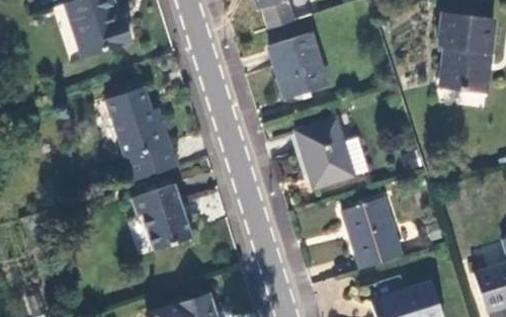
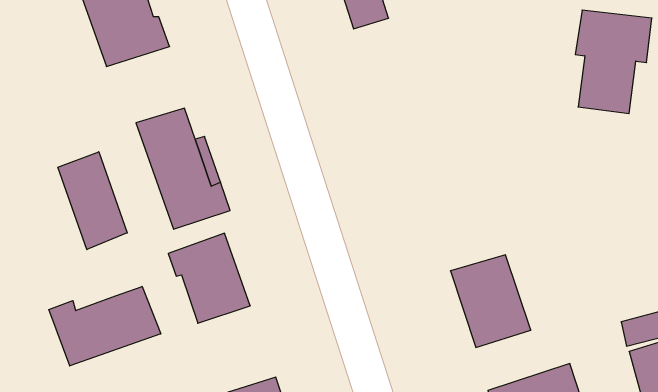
building: [271,32,327,96] -> none
building: [297,117,370,186] -> none
building: none -> [58,152,127,250]
building: none -> [49,286,161,366]

